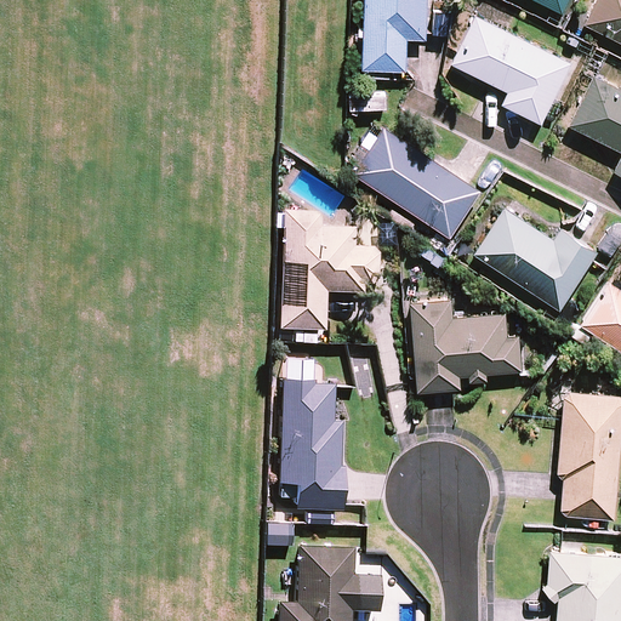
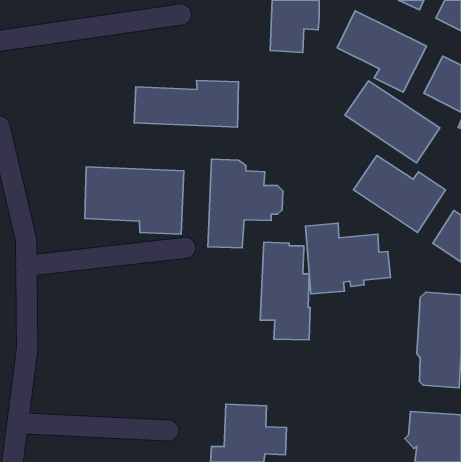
building: none -> [134,80,238,127]
building: [354,129,482,239] -> [345,81,440,163]
building: none -> [85,167,184,234]
building: [277,382,343,513] -> [260,242,310,340]

